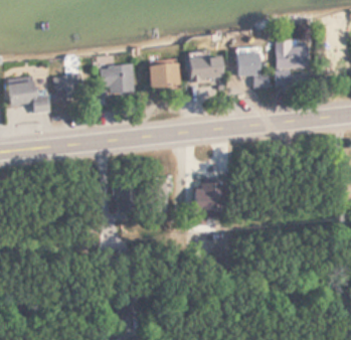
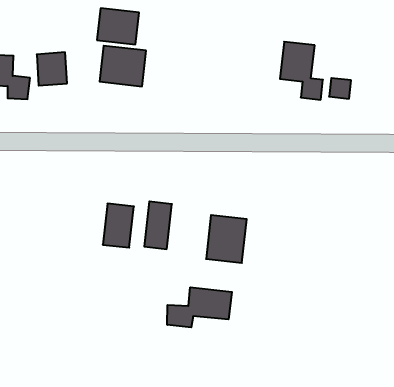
building: [275,40,309,66] -> none
building: [189,56,222,80] -> none
building: [150,63,179,88] -> [97,8,139,44]
building: none -> [167,287,232,327]

